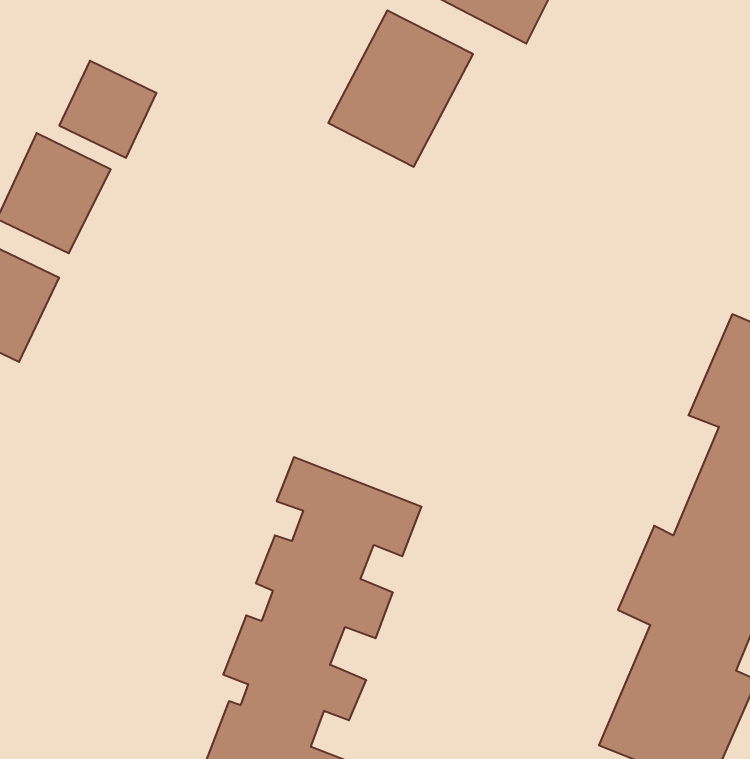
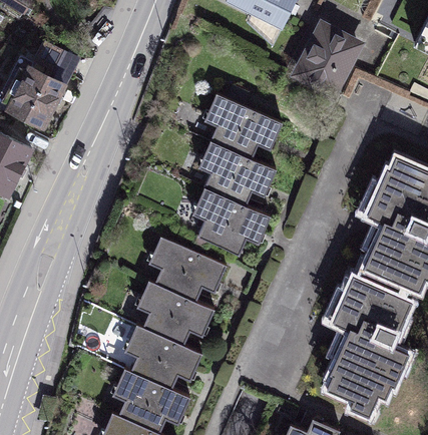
building: [328,10,473,167] -> [289,17,365,99]
building: none -> [193,92,287,251]

